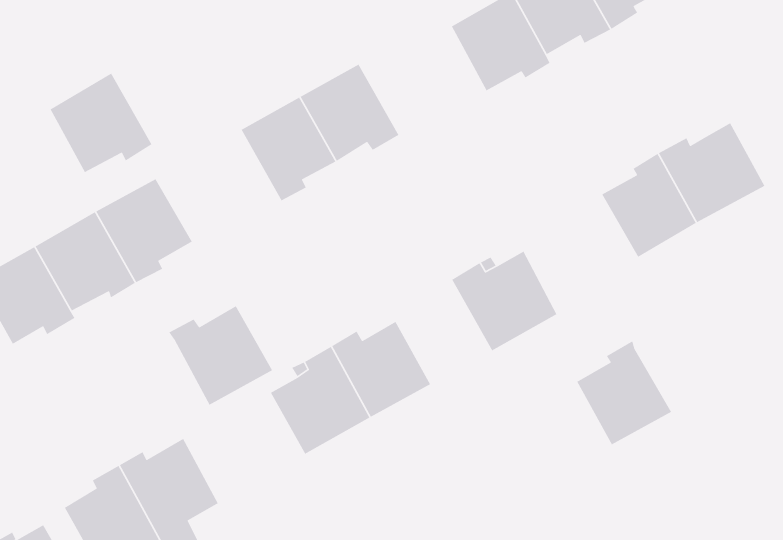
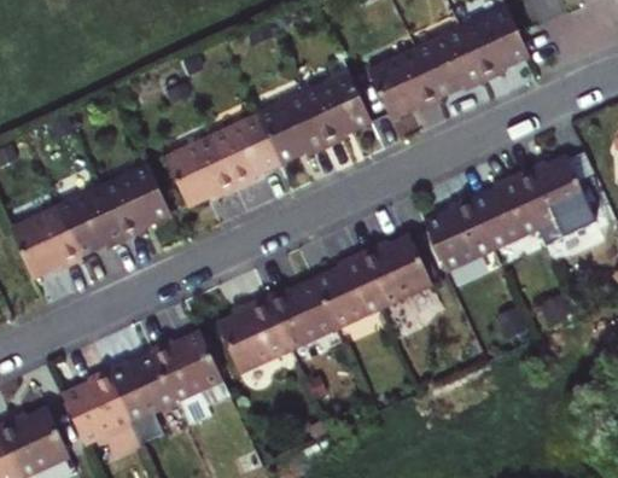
building: none -> [301,71,371,147]
building: [49,73,152,173] -> [164,134,237,205]
building: none -> [313,255,380,330]
building: [168,305,273,406] -> [148,332,222,403]
building: [576,340,672,445] -> [424,196,491,270]

